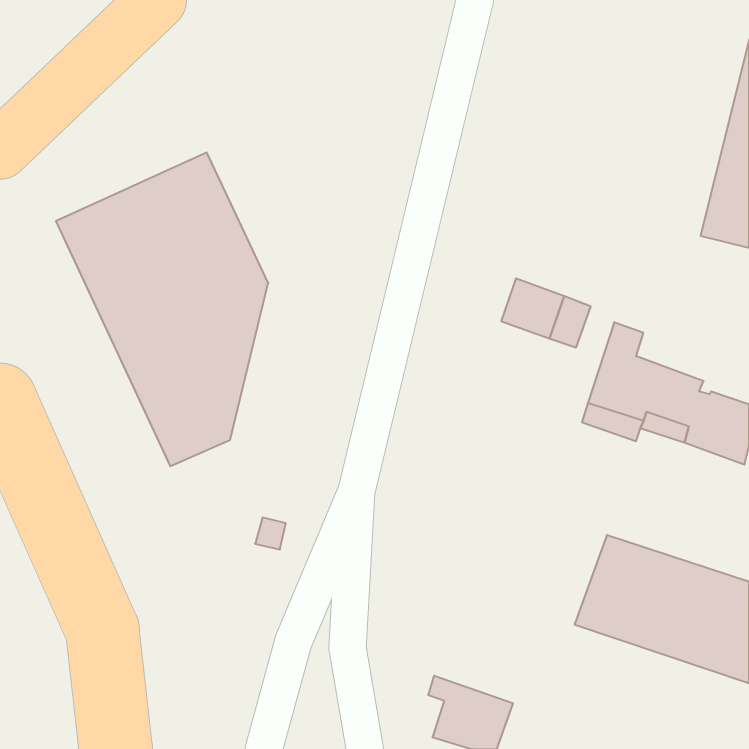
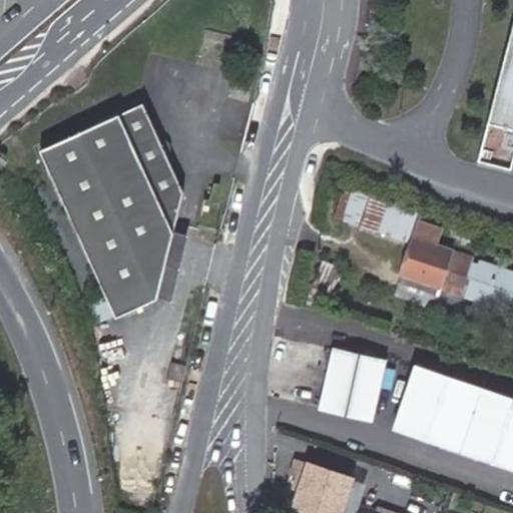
building: none -> [321,349,389,423]

